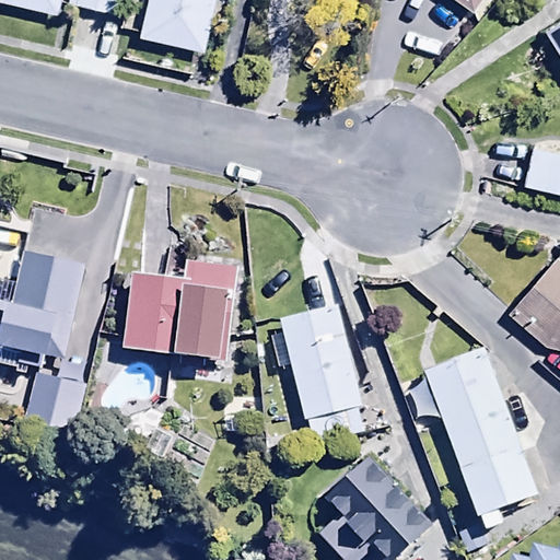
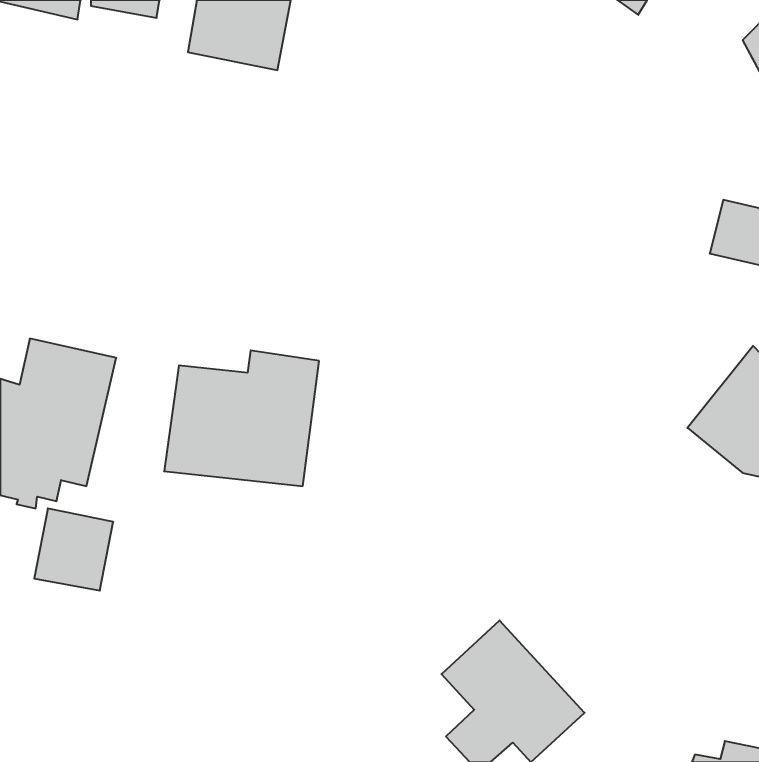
building: [271,303,364,444] -> none
building: [410,347,537,530] -> none

